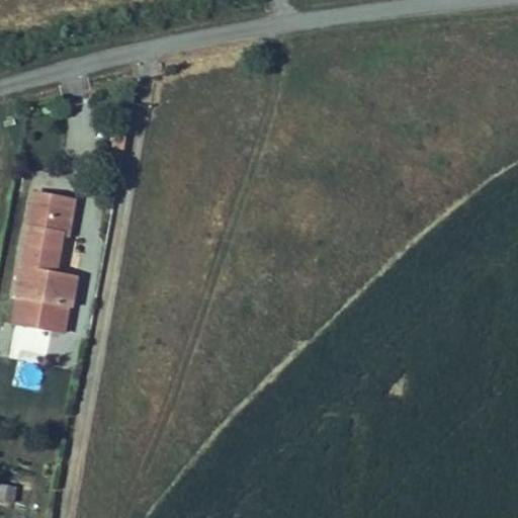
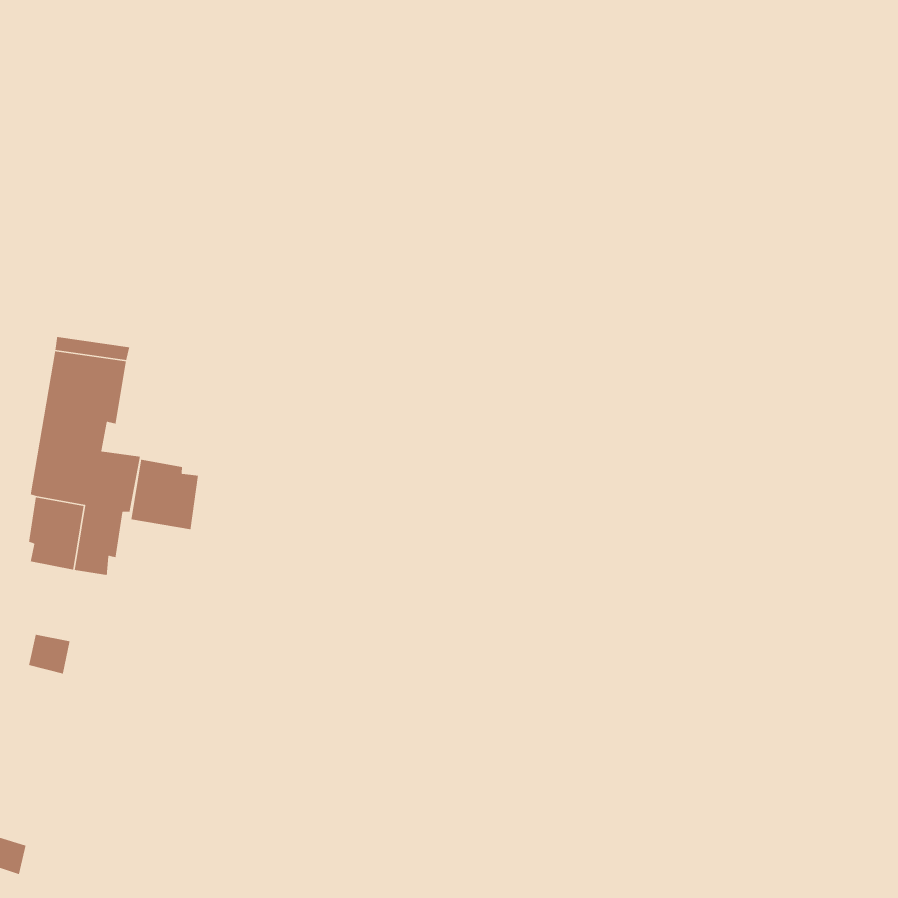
building: none -> [131,459,199,530]

